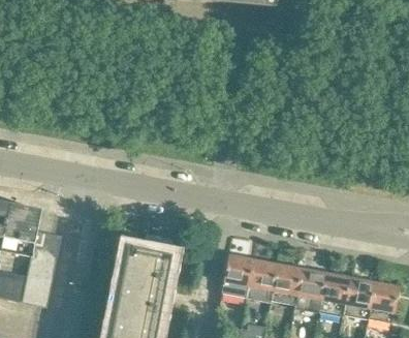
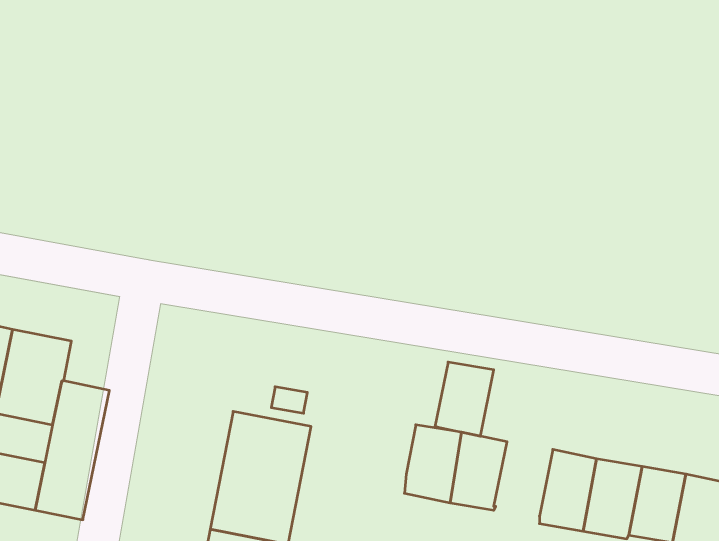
building: [270,263,302,303] -> [435,362,494,436]

